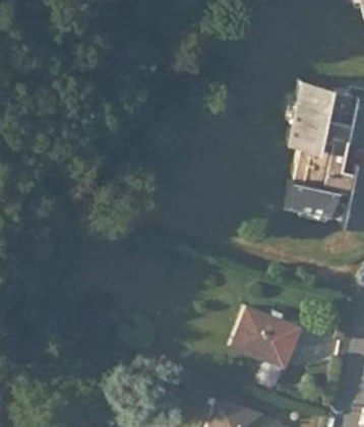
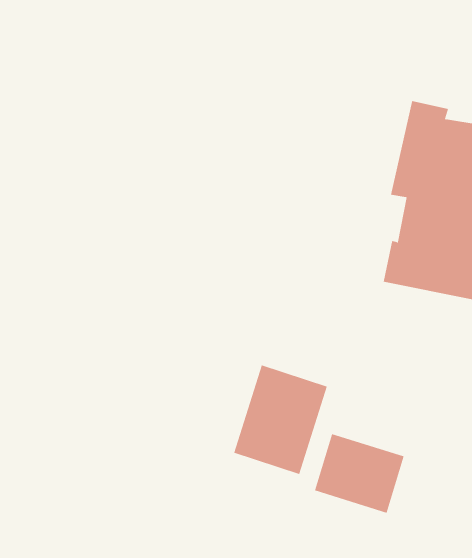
building: none -> [233,365,327,475]

